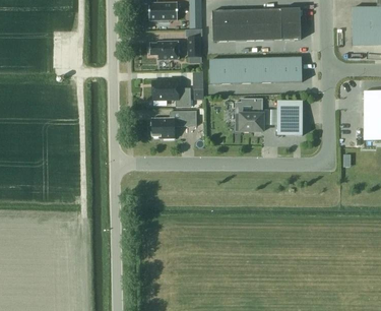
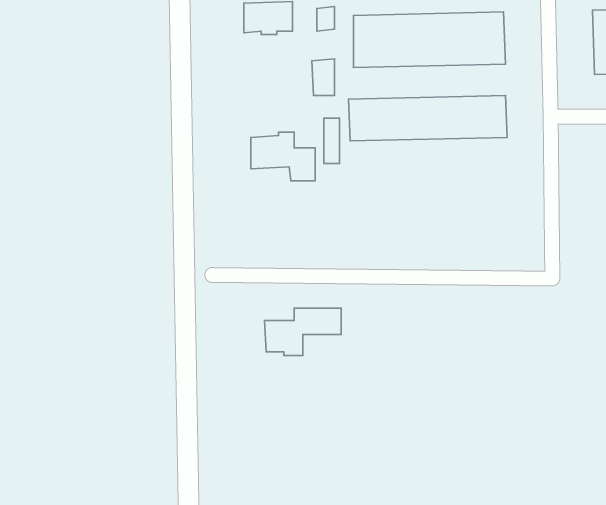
building: [149,41,178,59] -> none
building: [236,98,263,131] -> none
building: [276,100,302,135] -> none
building: [151,111,196,138] -> [265,308,341,355]

